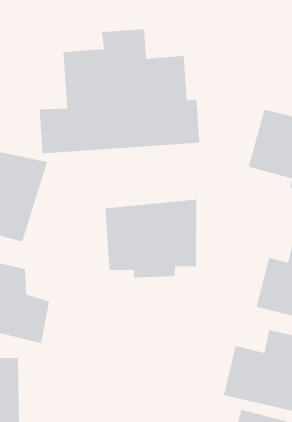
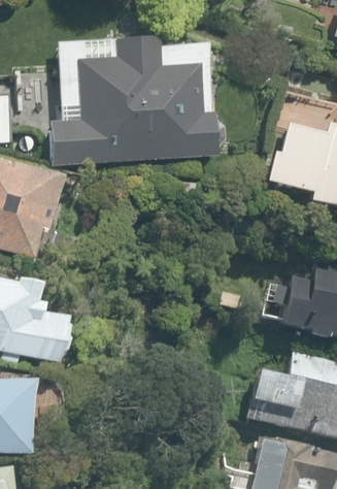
building: [105,199,197,278] -> none

